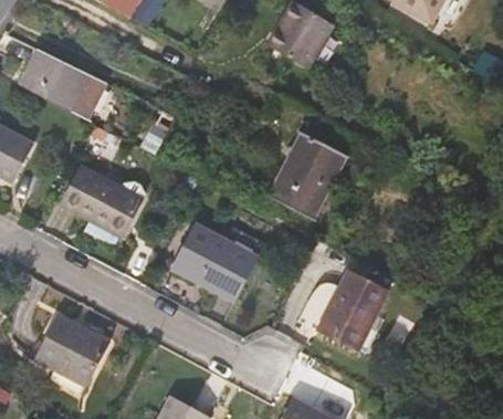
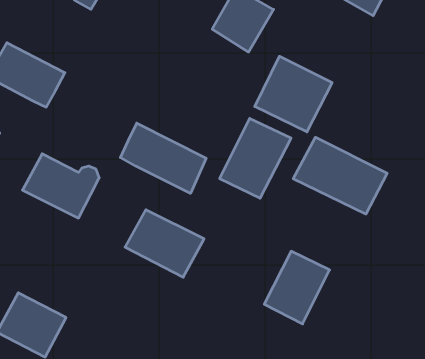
building: none -> [255,56,332,132]
building: none -> [120,123,206,193]
building: none -> [293,137,387,214]

